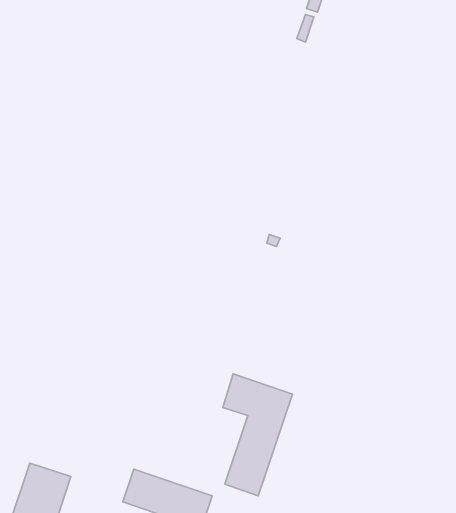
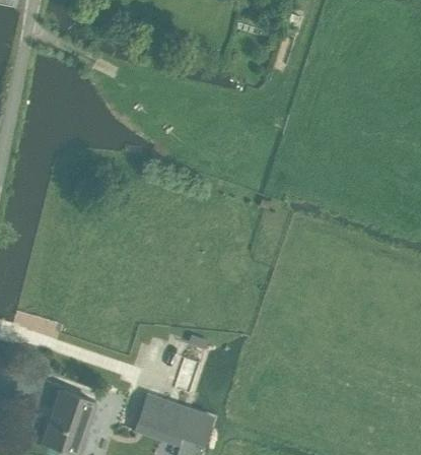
building: [223,374,292,496] -> none

